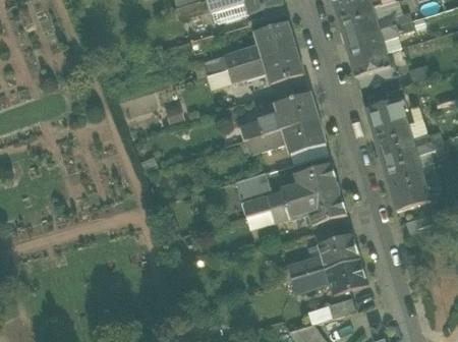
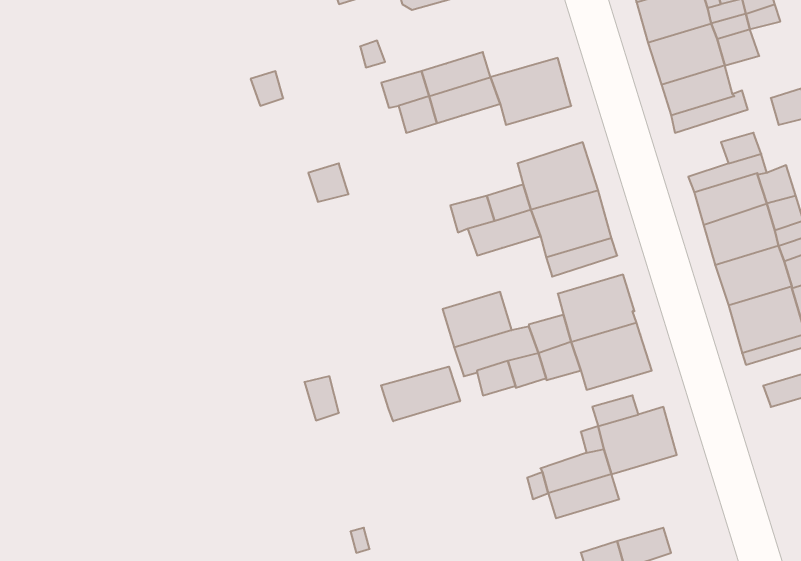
building: [253,22,296,58] -> none
building: none -> [381,367,460,421]
building: [325,259,367,294] -> none

